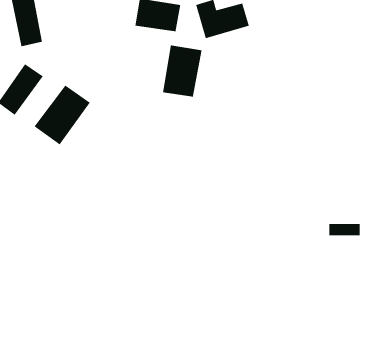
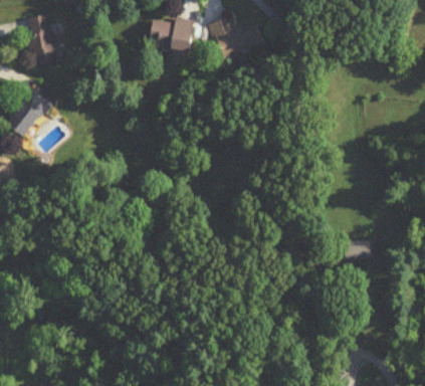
building: [162,45,203,98] -> none
building: [34,85,91,145] -> none

